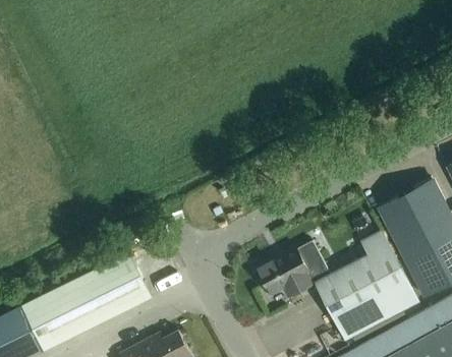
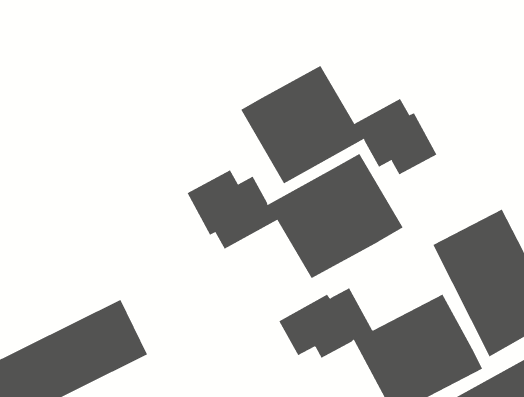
building: none -> [241,65,437,184]
building: none -> [187,153,403,279]

